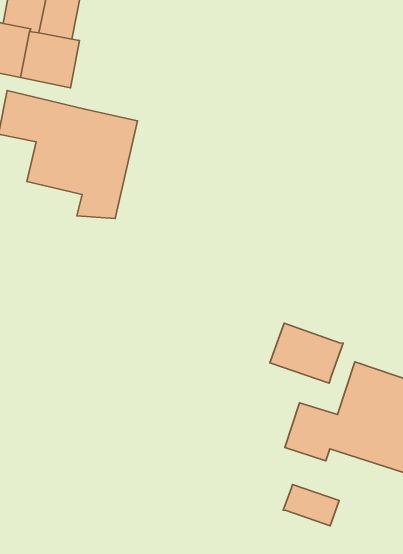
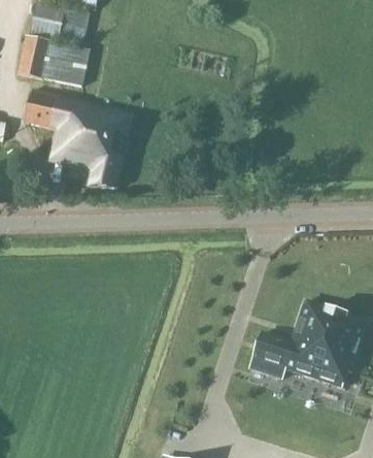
building: [270,323,343,383] -> none
building: [283,485,339,526] -> none

